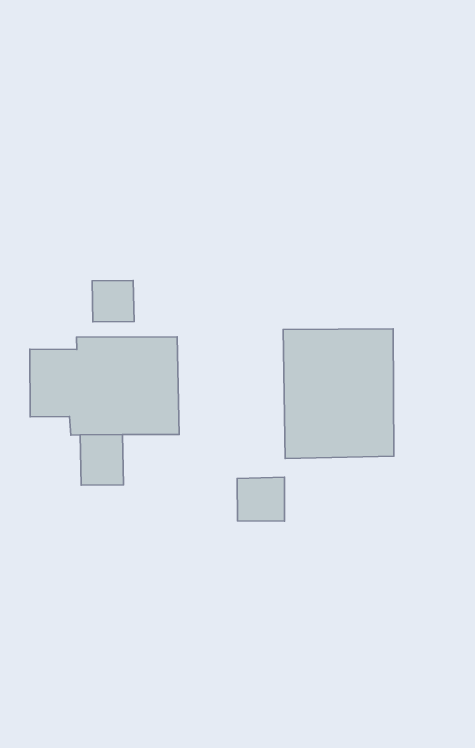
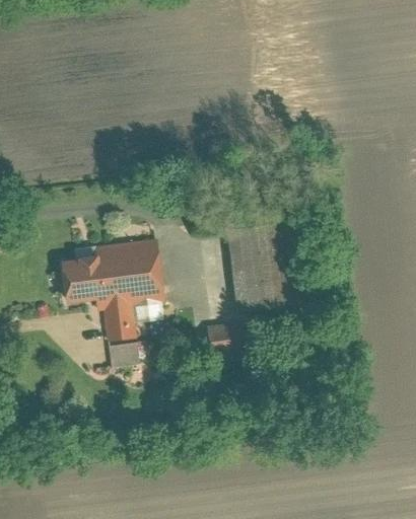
building: [92,281,134,322] -> none
building: none -> [107,340,137,367]

